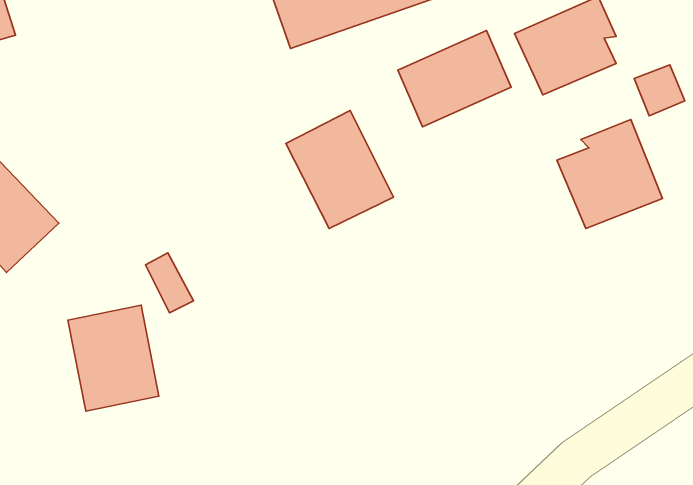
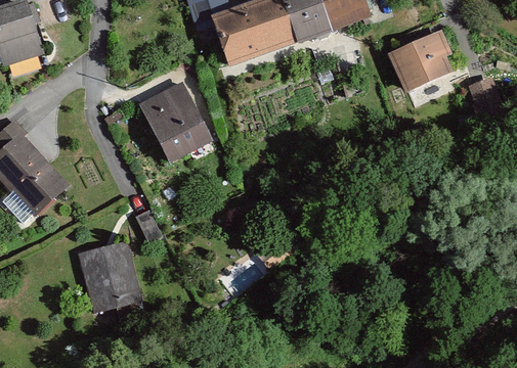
building: [398,30,511,127] -> none
building: [286,111,394,228] -> [138,83,212,164]
building: [557,119,663,228] -> none

